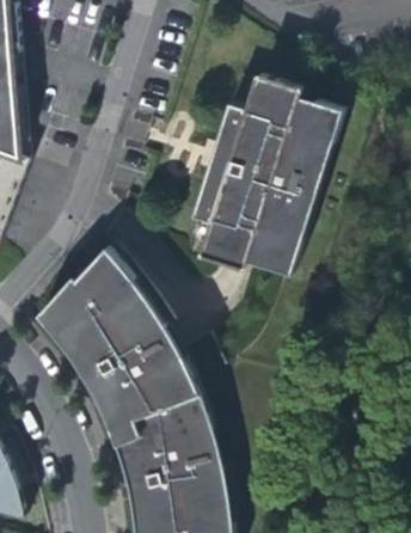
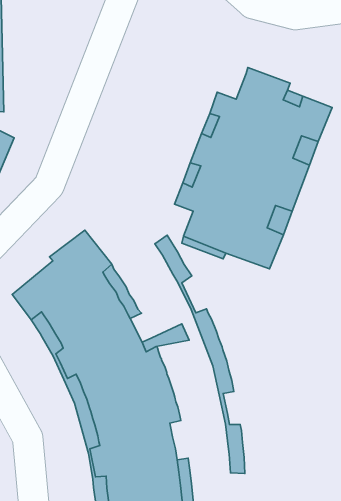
building: none -> [155,235,245,473]

